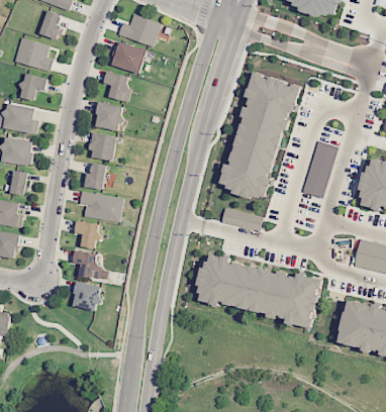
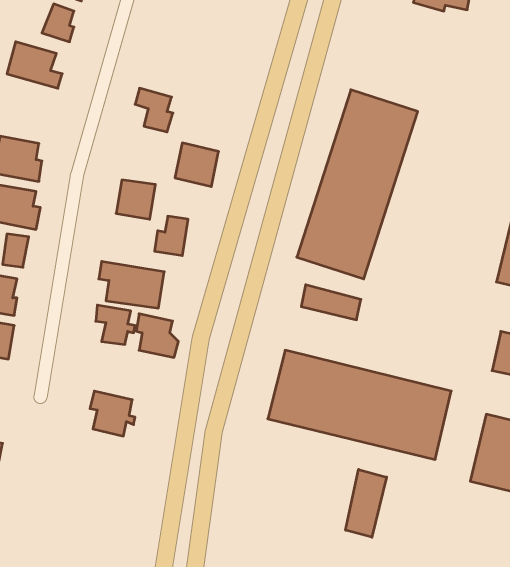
building: [117,14,161,47] -> none
building: [113,41,148,74] -> none
building: [20,75,49,101] -> none
building: [95,101,125,131] -> [175,143,219,187]
building: [301,141,335,198] -> none
building: [86,163,109,190] -> [155,216,188,256]
building: [73,249,102,280] -> [136,314,178,357]
building: none -> [346,469,387,537]

